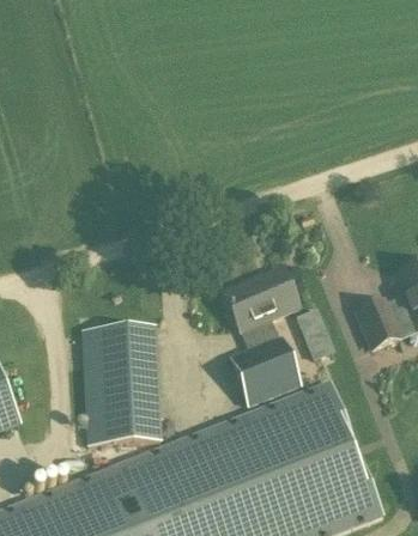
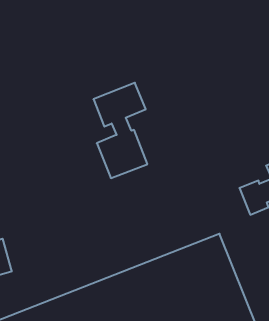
building: [223,272,301,409] -> [93,83,147,178]
building: [80,328,160,449] -> none

